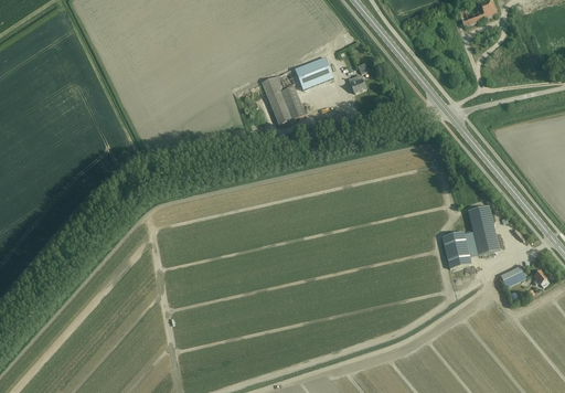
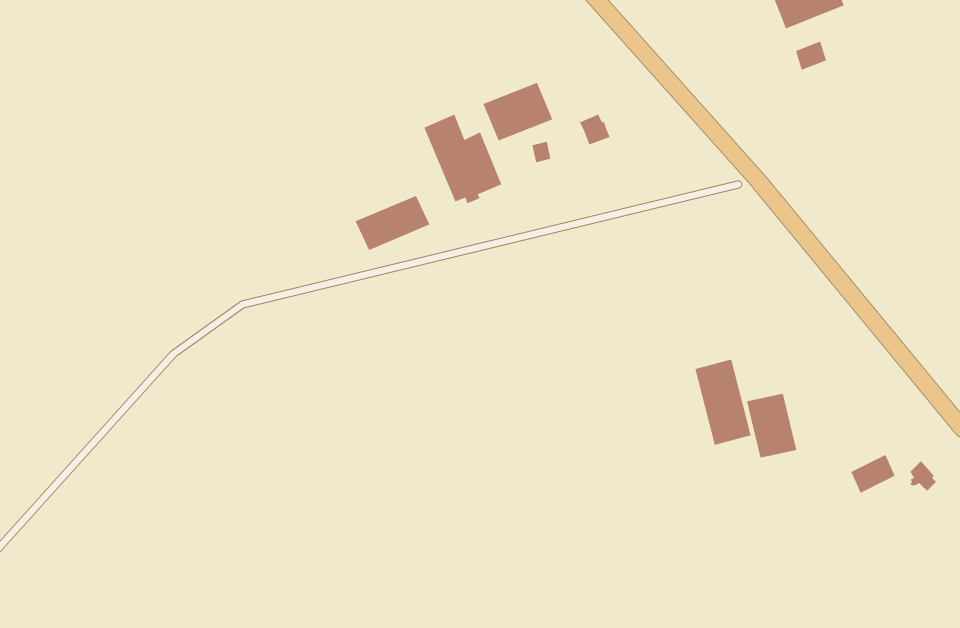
building: none -> [355,195,430,251]
building: [467,205,499,254] -> [694,359,751,445]

